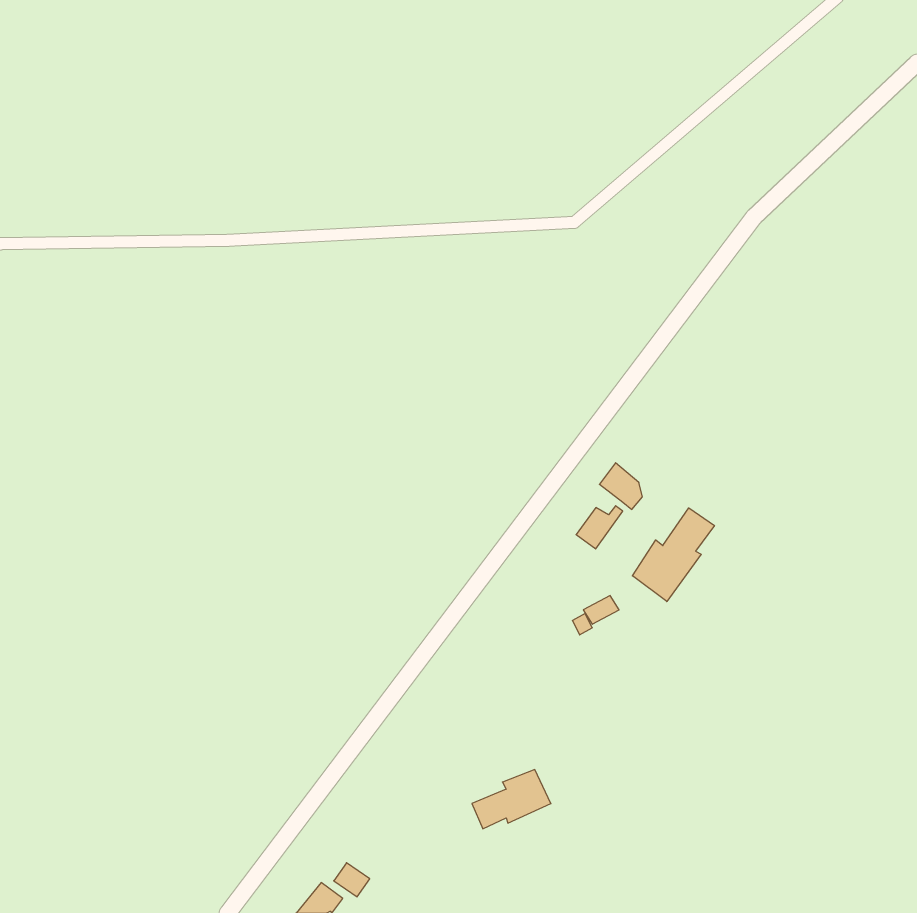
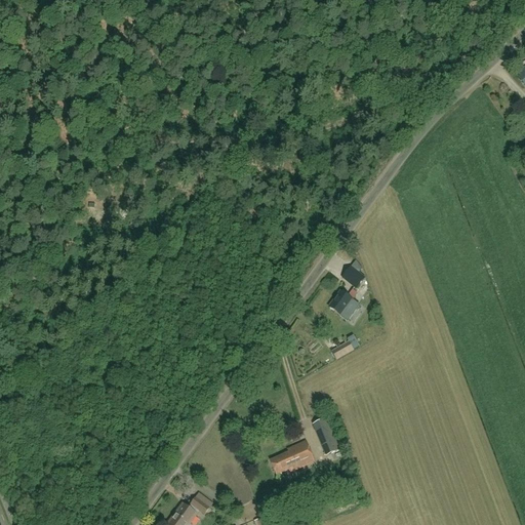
building: [632,508,714,602] -> none
building: none -> [314,417,339,451]

